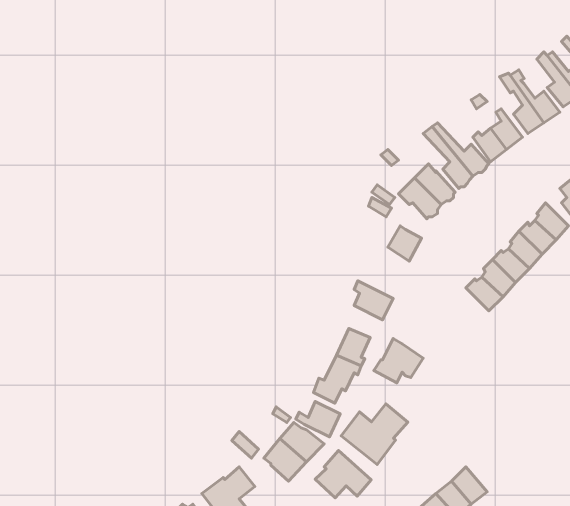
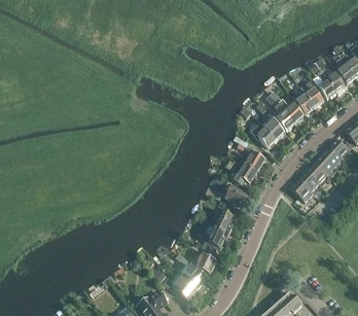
building: [374,339,423,383] -> [227,160,256,185]
building: [341,404,408,464] -> none
building: [315,451,371,498] -> none

